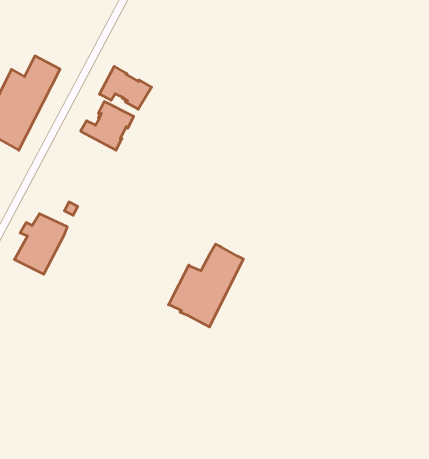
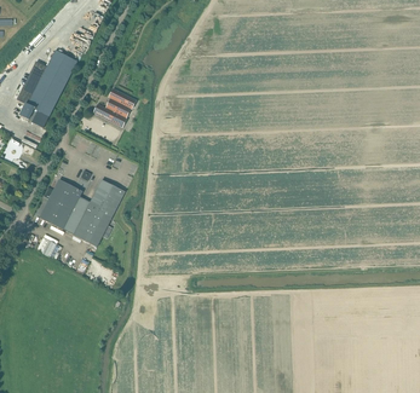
building: [99,66,152,109] -> none
building: [168,244,243,327] -> [63,180,125,248]

